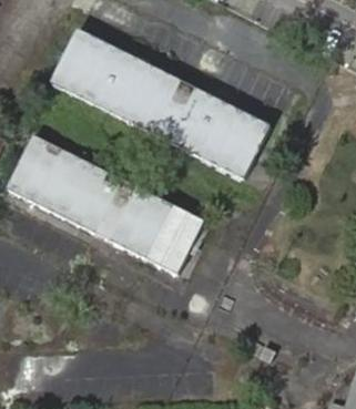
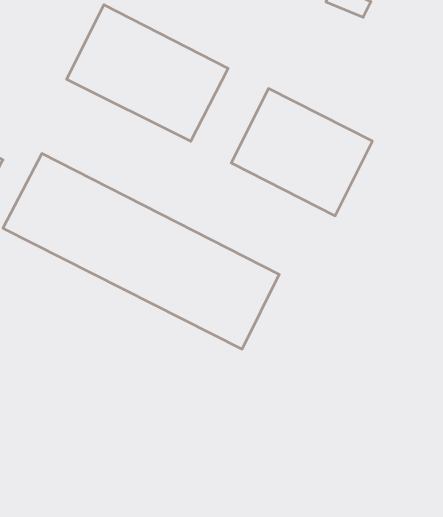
building: [140,74,195,142] -> none

